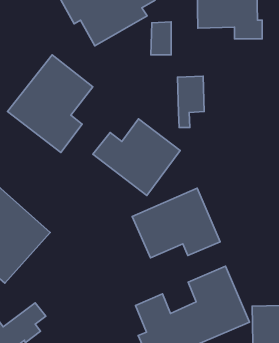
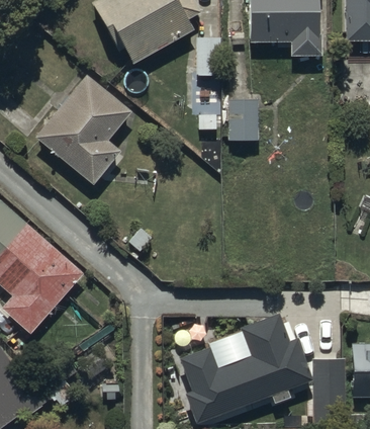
building: [93,119,180,195] -> none
building: [132,188,220,258] -> none

